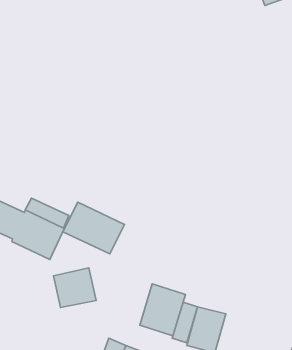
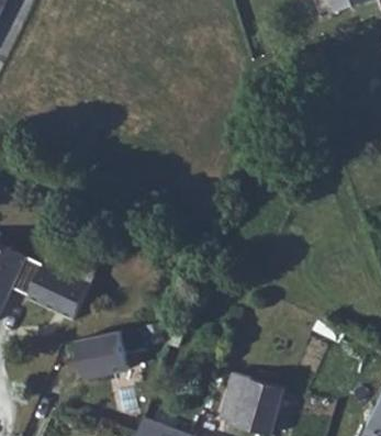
building: [63,202,125,254] -> none
building: [140,284,185,336] -> none

